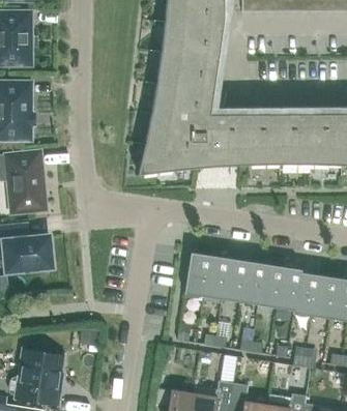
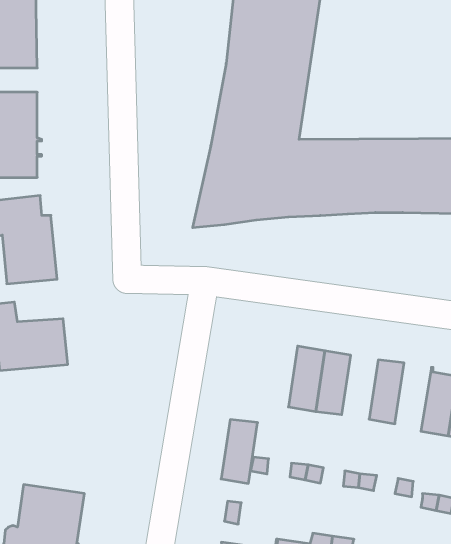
building: [184,253,209,296] -> [221,420,258,483]
building: [239,261,264,304] -> none
building: [276,266,300,313] -> none

